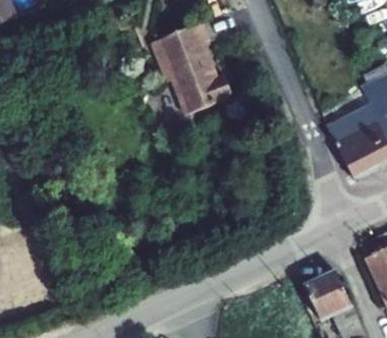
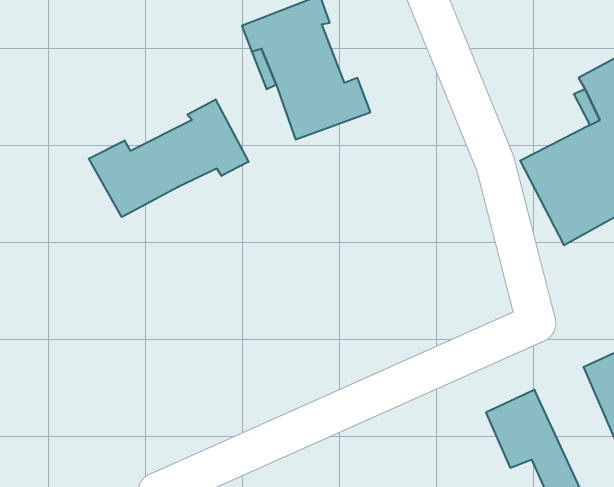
building: none -> [89,99,249,217]

